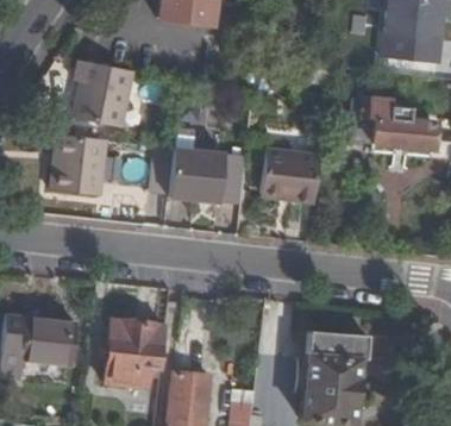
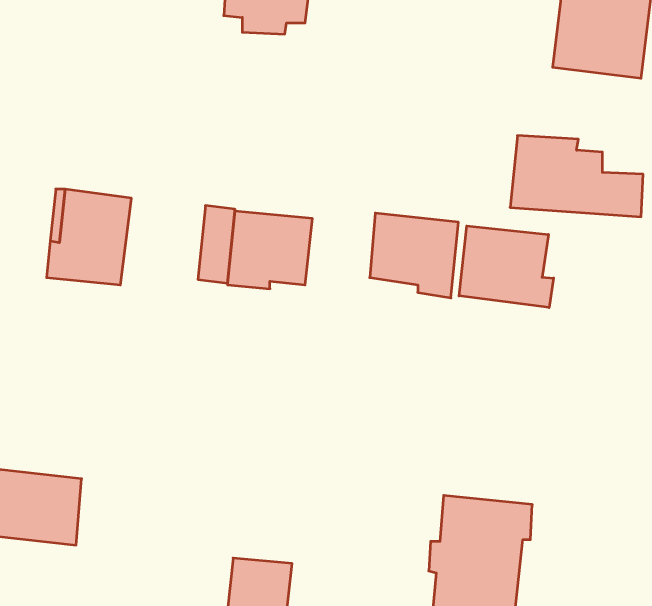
building: [76,62,131,127] -> none
building: [219,154,249,203] -> none
building: none -> [459,226,554,308]
building: [104,319,167,388] -> none

